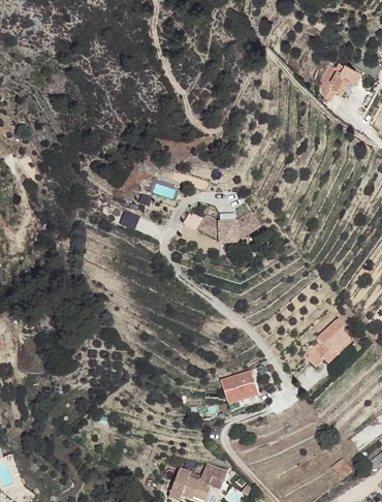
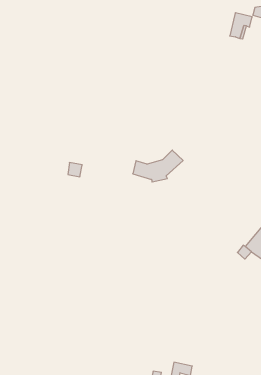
building: [324,68,346,108] -> none
building: [221,368,261,408] -> none

